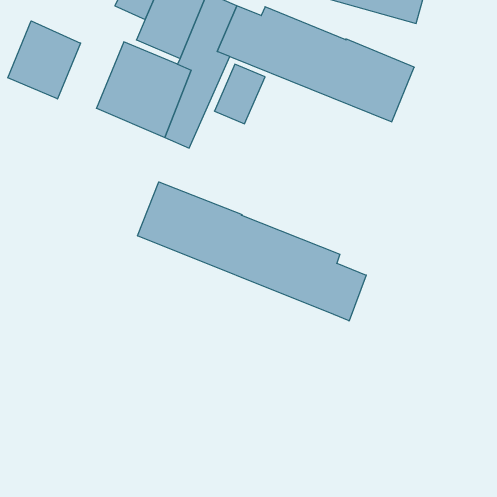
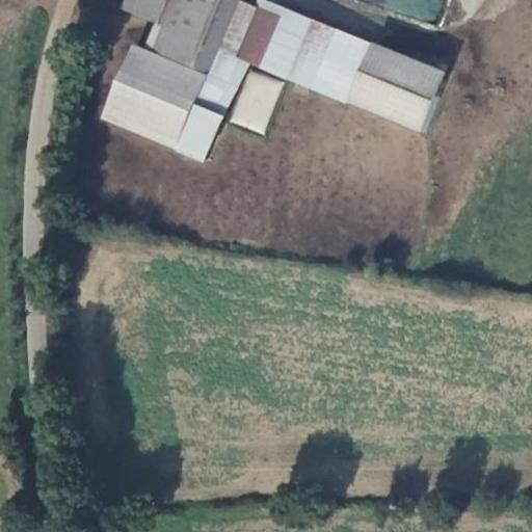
building: [8,21,81,99] -> none
building: [138,182,366,321] -> none

